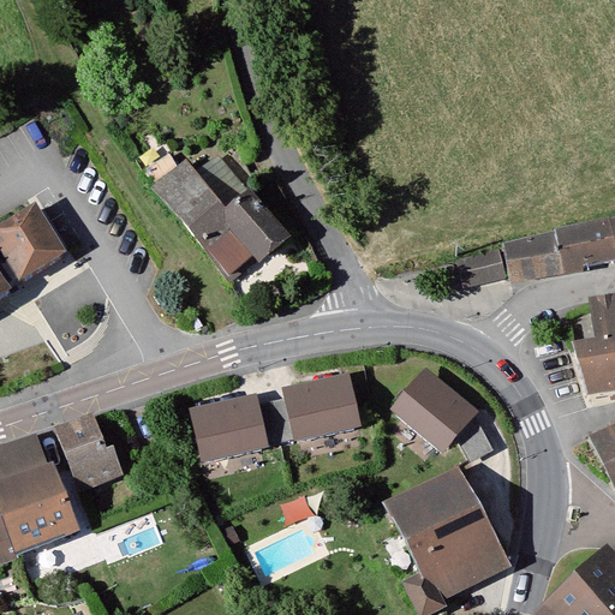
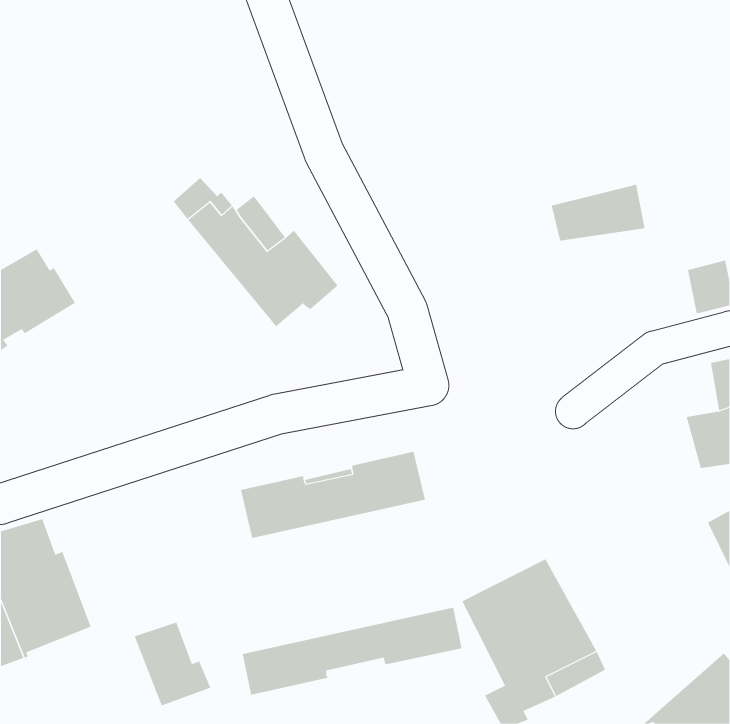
building: [506,227,585,275] -> [551,184,645,241]
building: [460,247,504,283] -> none
building: [405,376,494,456] -> none
building: [58,417,123,488] -> [134,622,211,706]
building: none -> [242,607,462,695]

